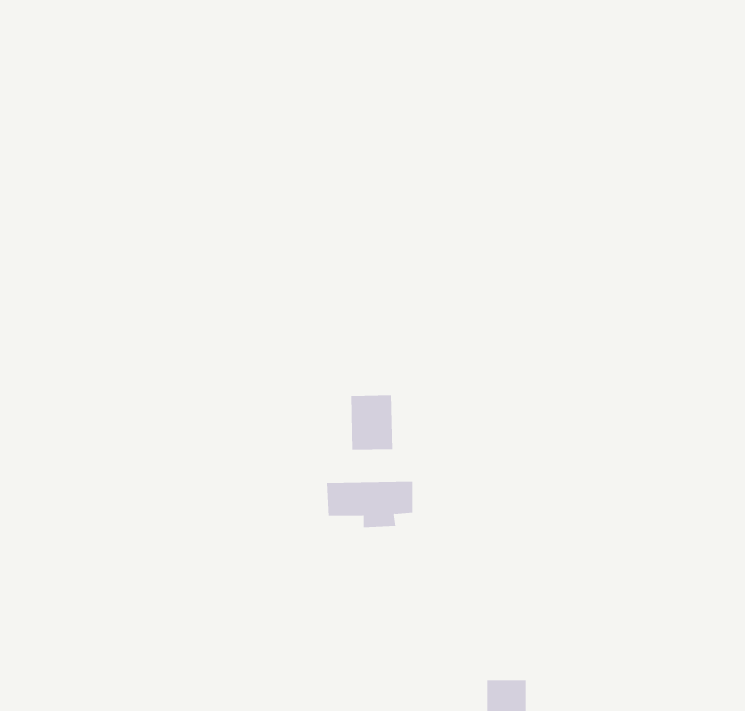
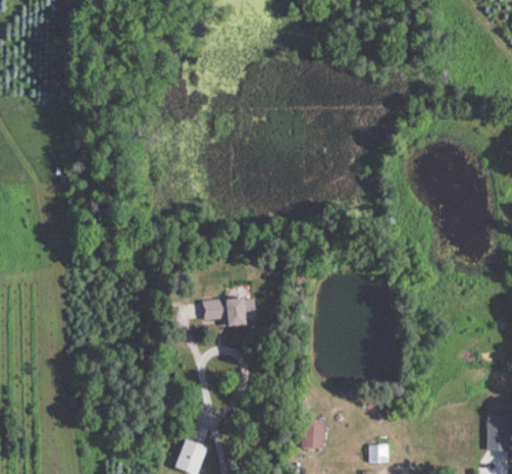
building: [351,395,393,451] -> none

